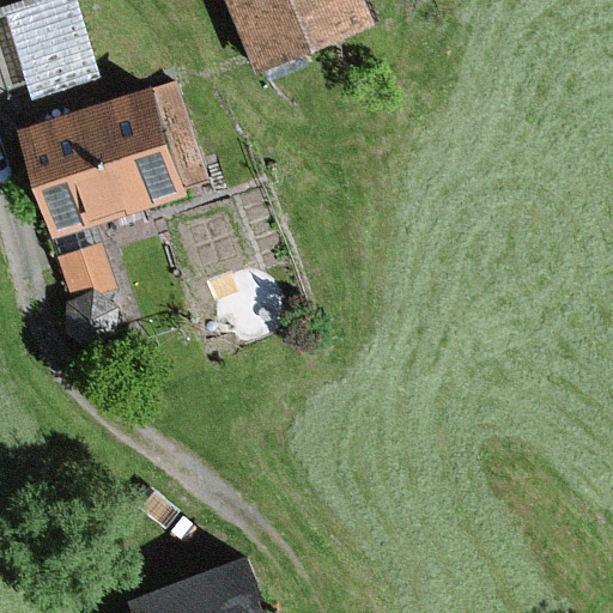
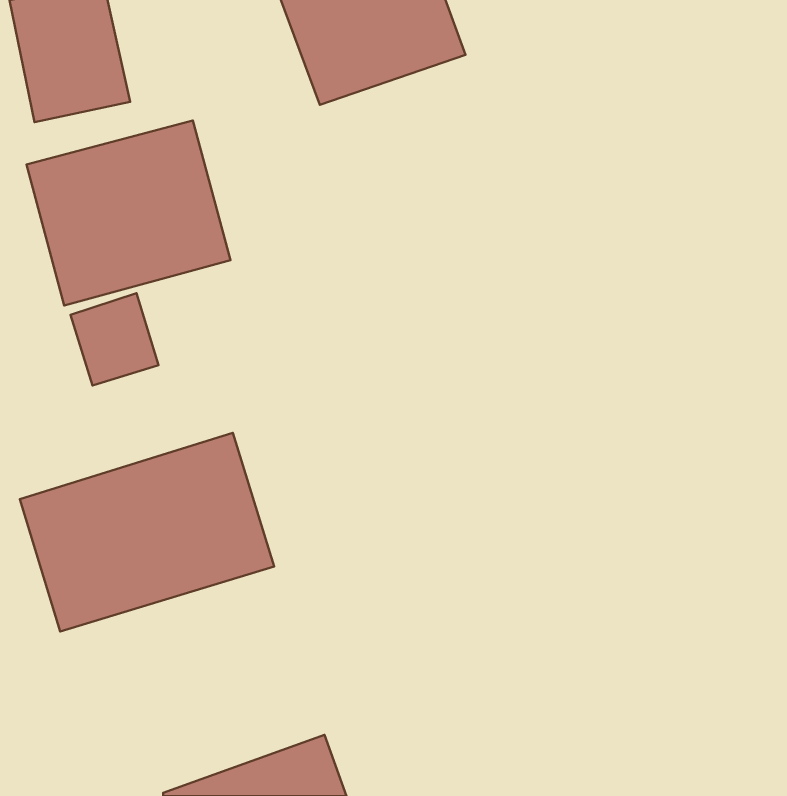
building: none -> [20,433,274,631]

